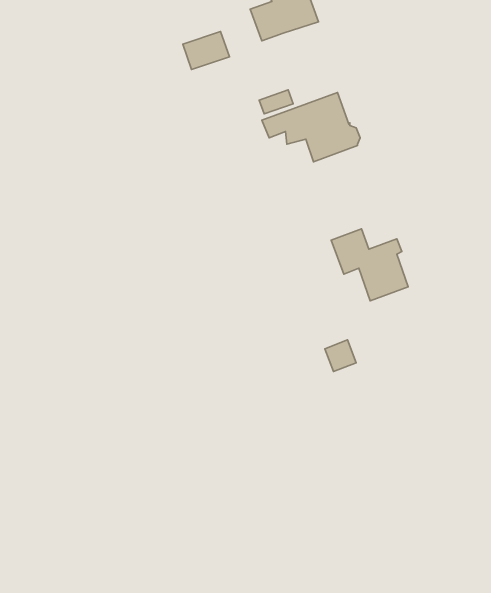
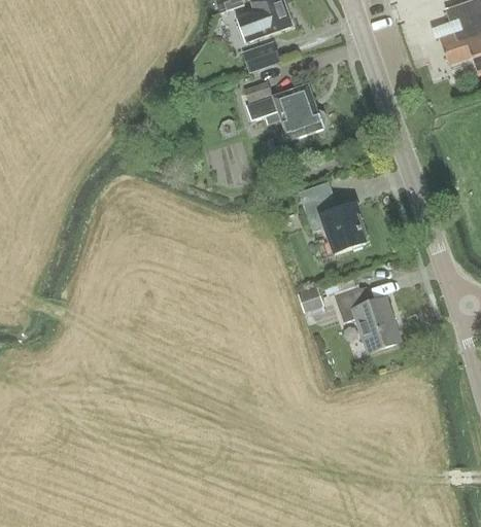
building: [183,32,229,69] -> [243,39,281,70]
building: none -> [335,287,401,352]

